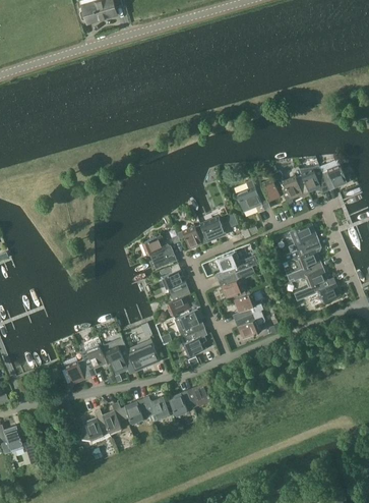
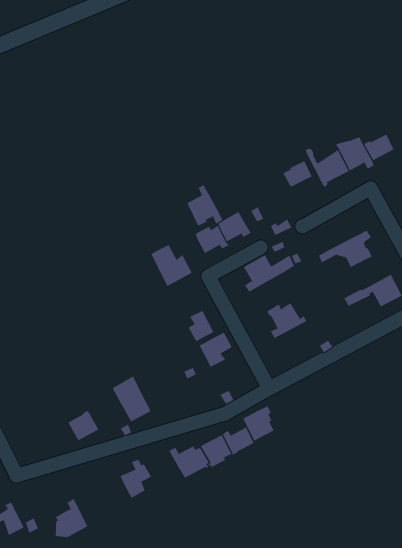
building: [237,179,264,212] -> [186,184,223,226]
building: [288,222,318,252] -> none
building: [288,264,324,287] -> none
building: [220,266,255,298] -> none
building: [162,269,188,294] -> none
building: [235,308,265,338] -> none
building: [183,328,207,355] -> [242,405,275,442]
building: [127,339,161,371] -> none
building: [80,344,107,376] -> none
building: [123,398,150,424] -> none
building: [82,409,110,443] -> [55,498,88,541]

